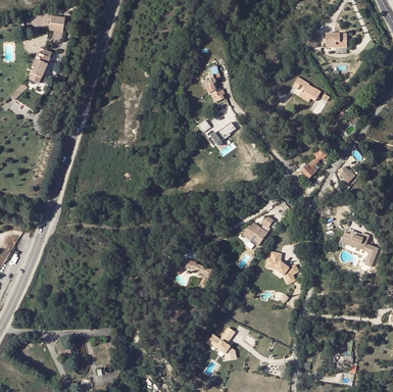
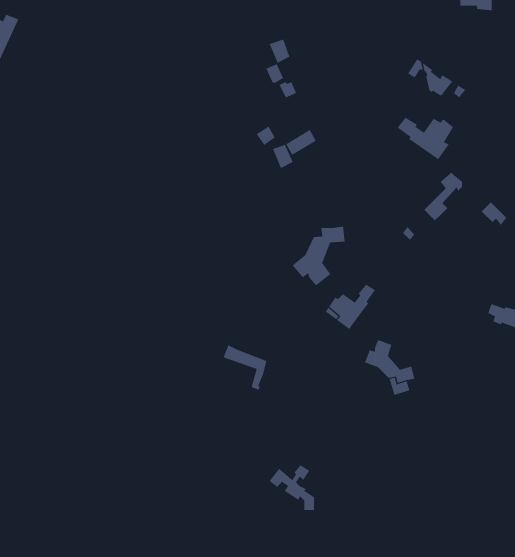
building: none -> [397,117,454,160]
building: none -> [292,226,345,286]

